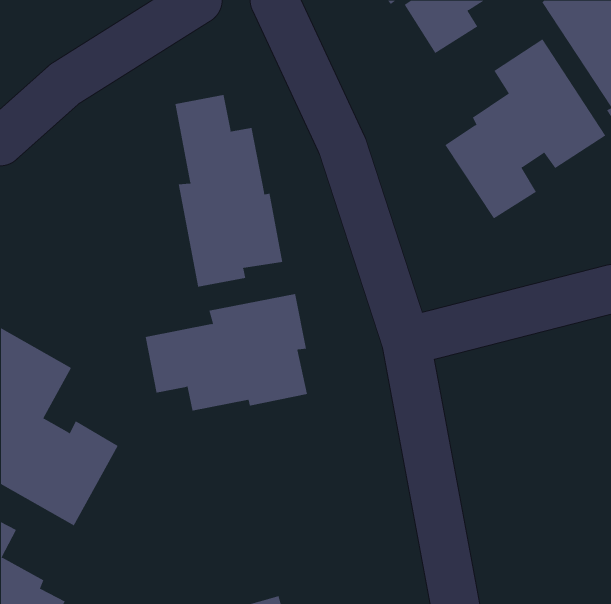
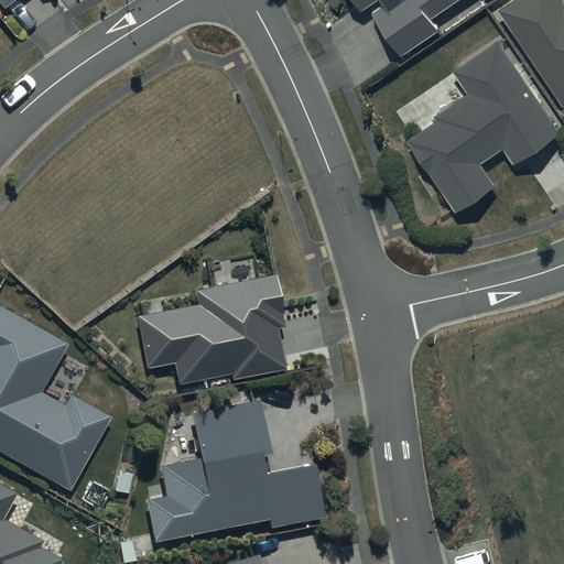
building: [175,94,283,287] -> none
building: none -> [143,401,322,541]

